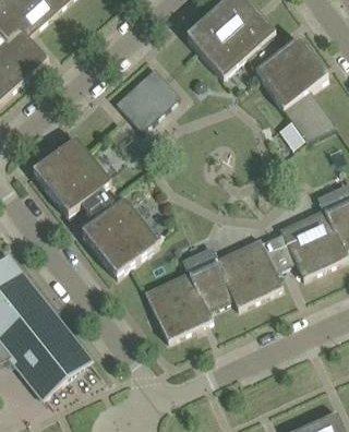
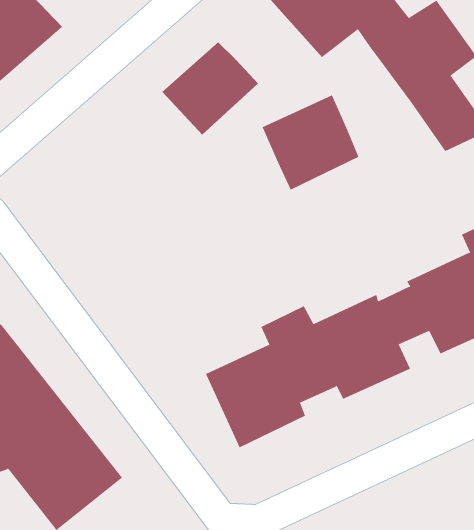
building: none -> [262,95,359,190]
building: [34,137,160,277] -> none

